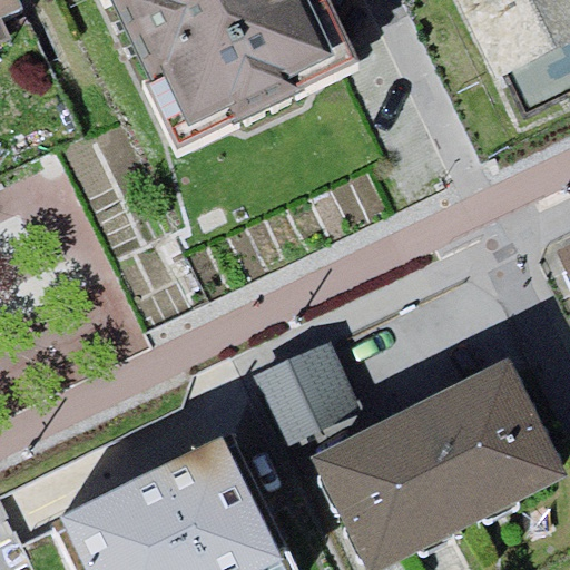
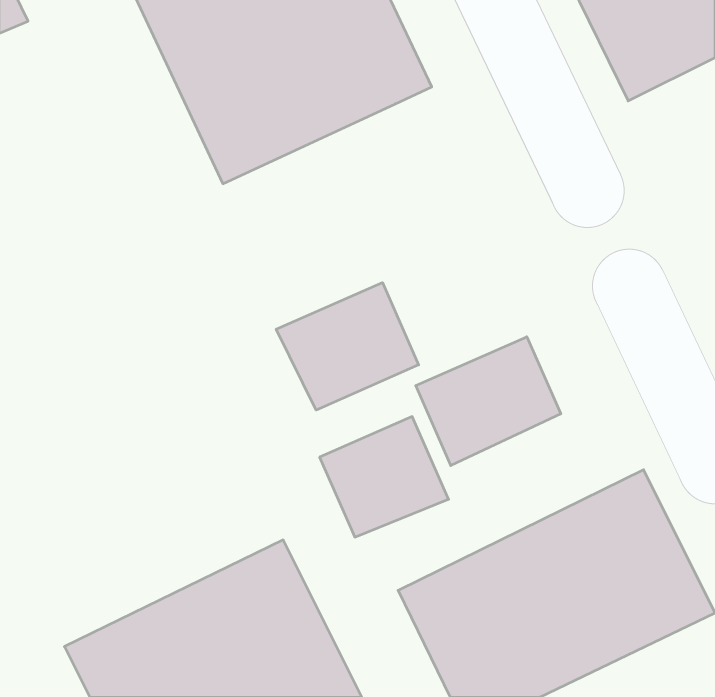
building: none -> [276,283,419,410]
building: none -> [416,337,561,466]

